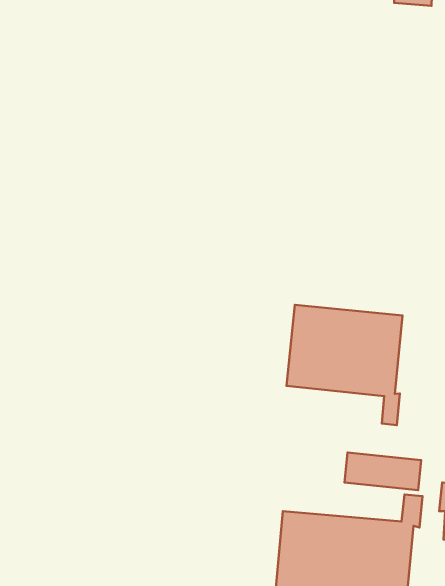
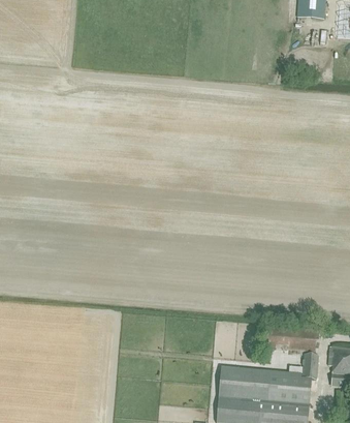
building: [287,305,402,425] -> none

